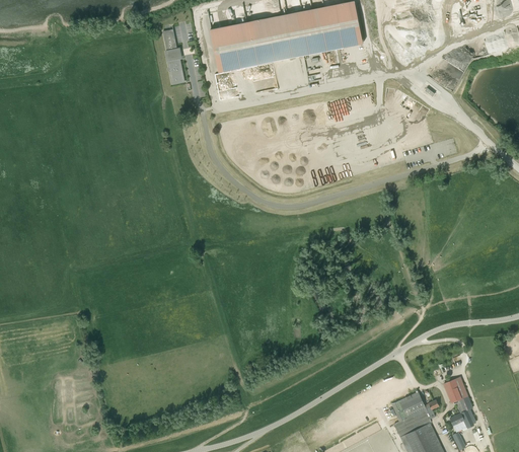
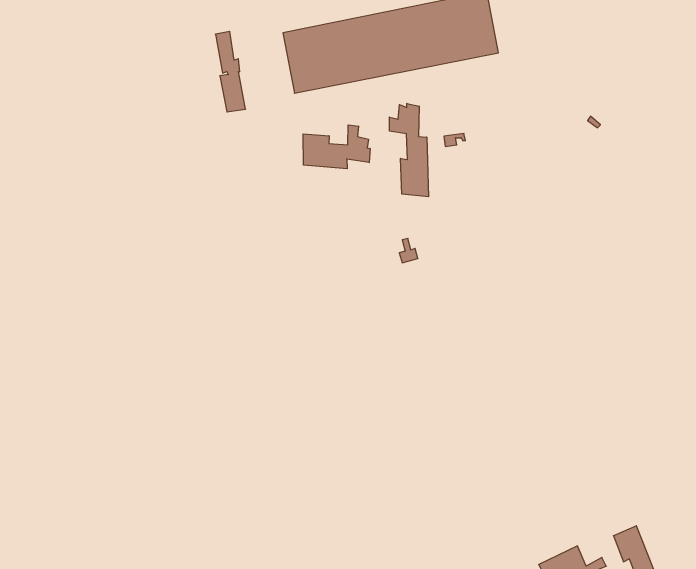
building: none -> [389,103,428,197]
building: none -> [303,125,370,169]

